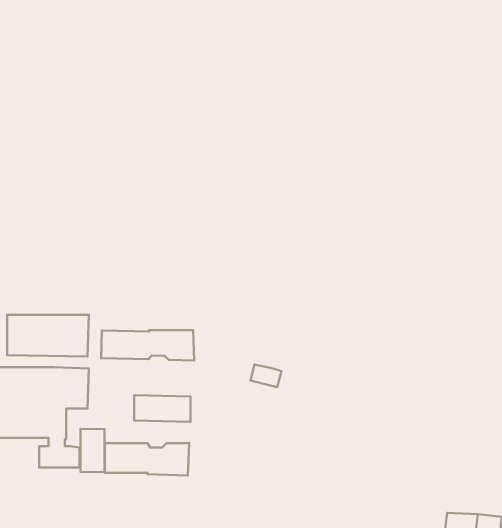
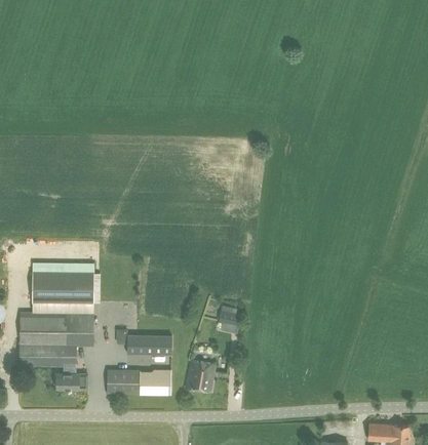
building: [101,330,194,360] -> none
building: [80,429,105,472] -> none
building: none -> [186,362,213,392]

